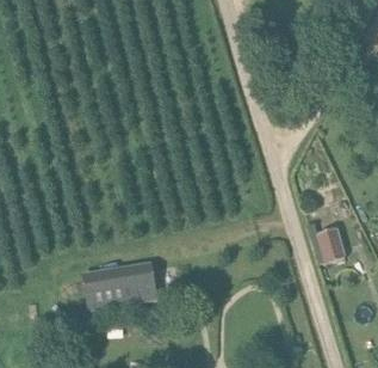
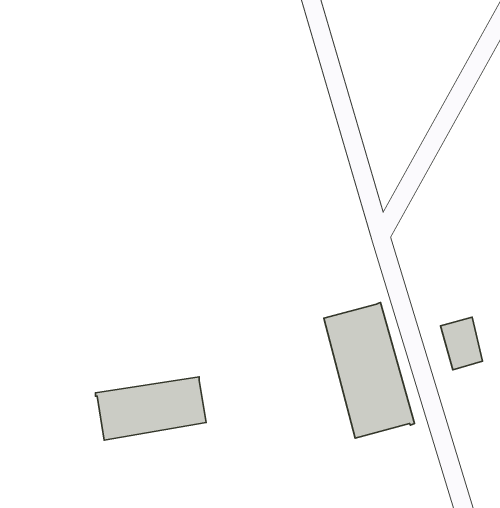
building: none -> [324,302,415,438]

